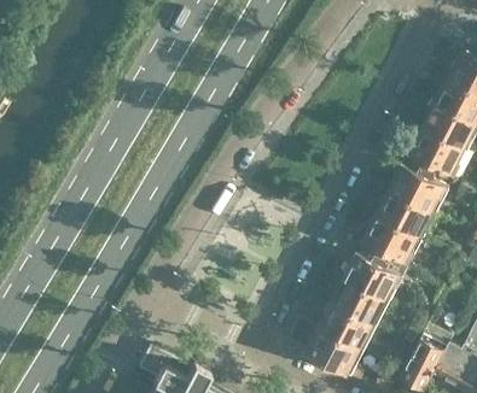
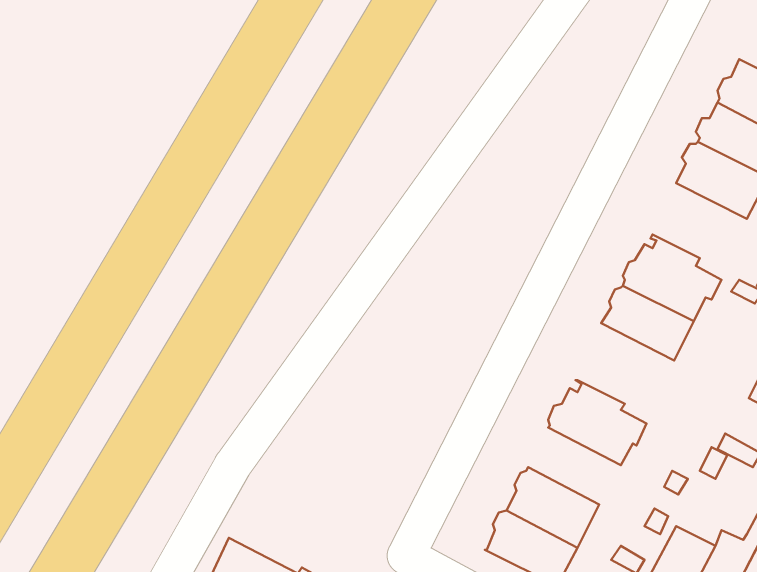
building: [409,130,467,178] -> none
building: [363,216,423,266] -> none
building: [332,280,390,327] -> none

